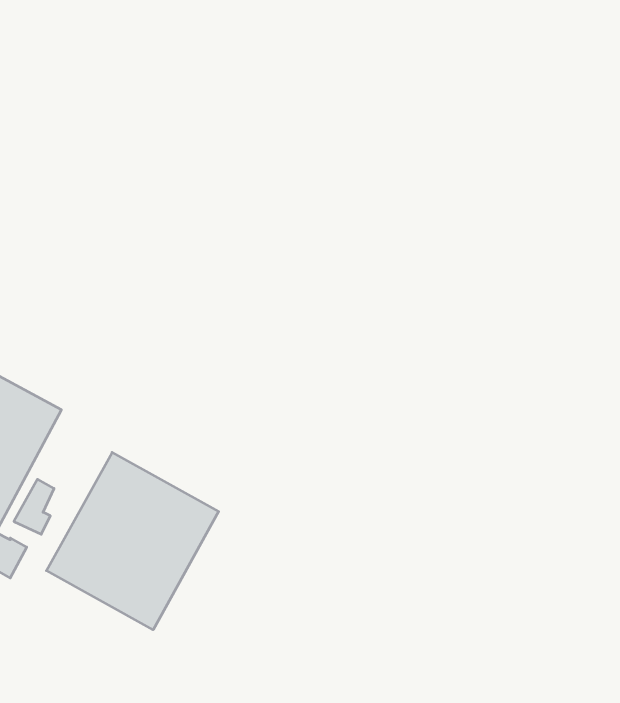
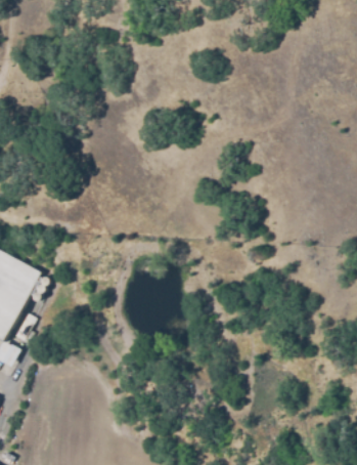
building: [46,452,219,630] -> none

